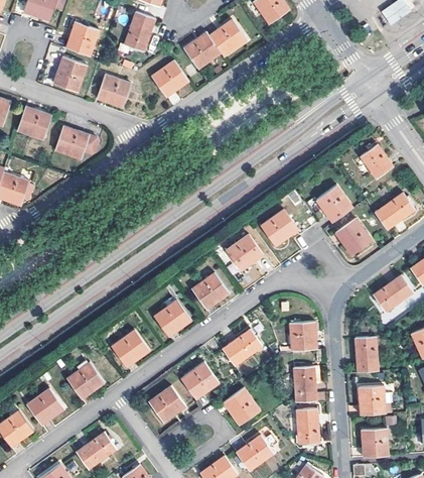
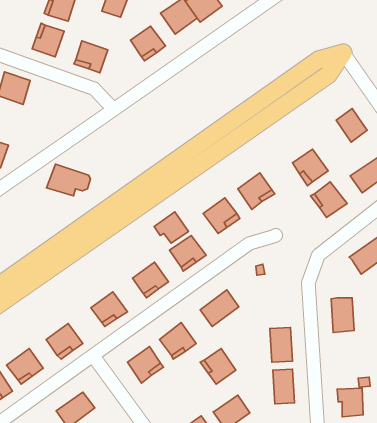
building: [53,125,98,157] -> [47,164,90,196]
building: none -> [154,212,189,243]
building: [289,321,316,350] -> none
building: [359,385,385,413] -> none

